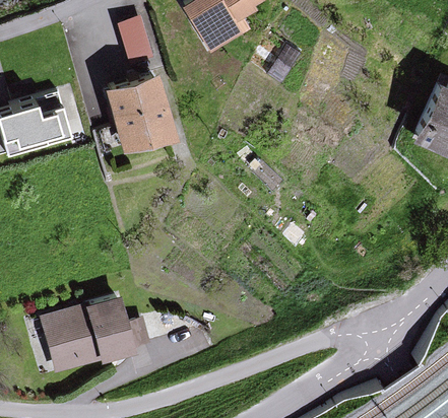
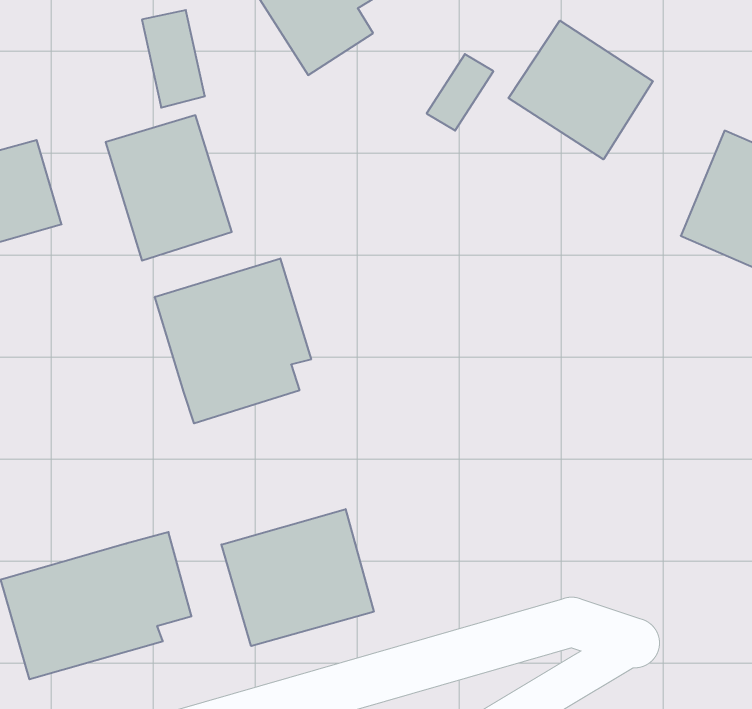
building: none -> [509,21,653,159]
building: none -> [155,258,311,423]
building: none -> [221,509,374,646]

